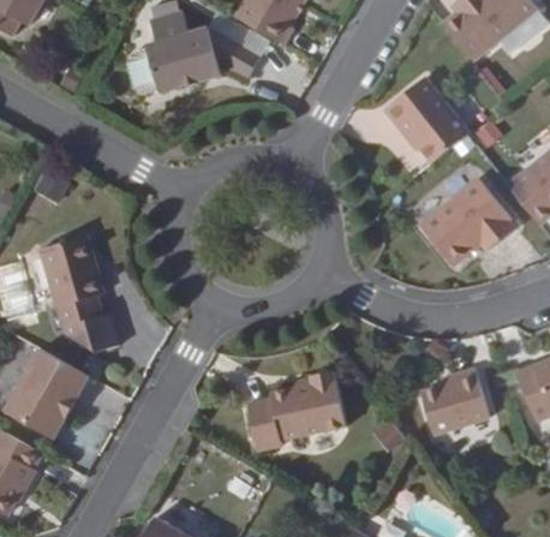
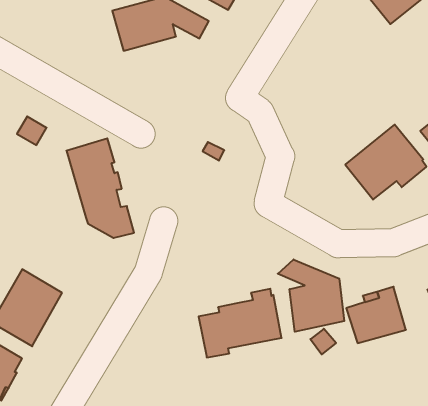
building: [384,77,468,162] -> none
building: [38,234,118,351] -> [66,138,134,238]
building: none -> [278,259,344,332]

